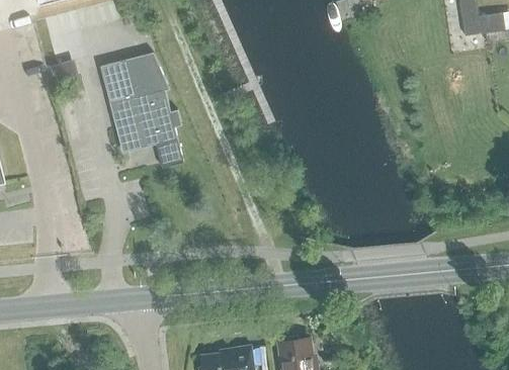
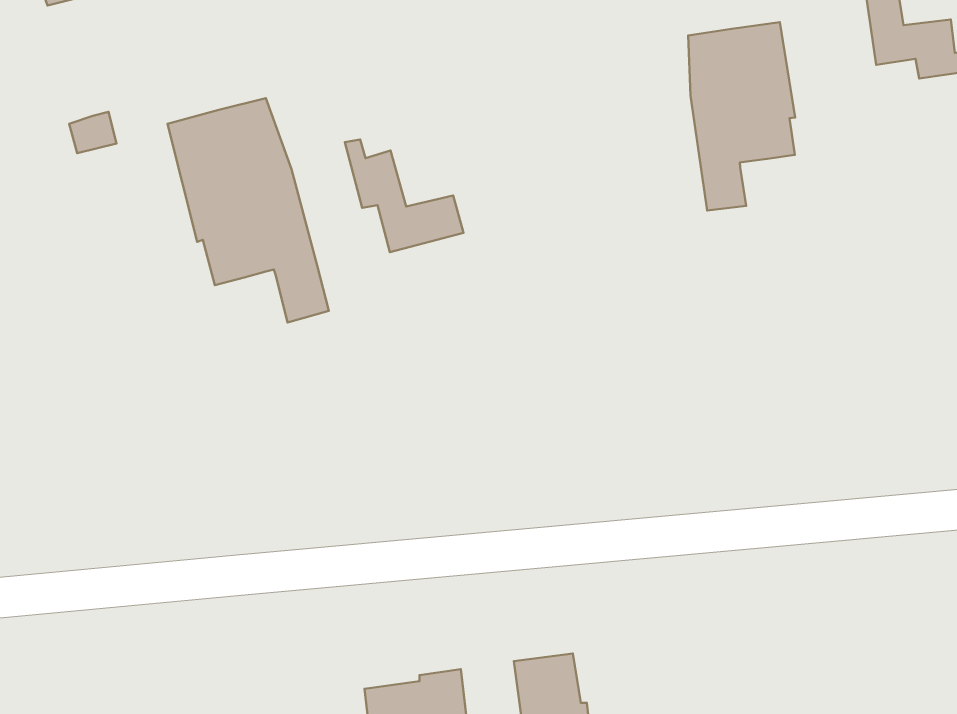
building: none -> [688,22,795,211]
building: none -> [345,139,463,252]

